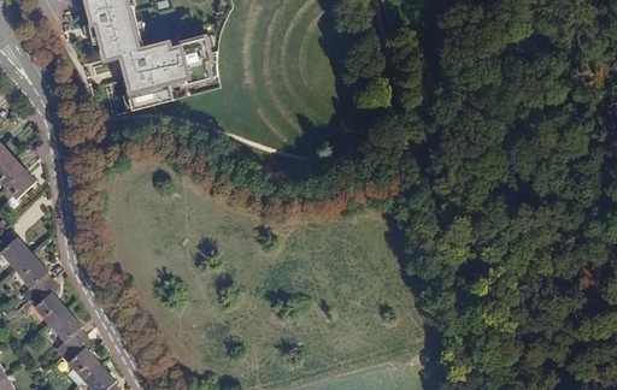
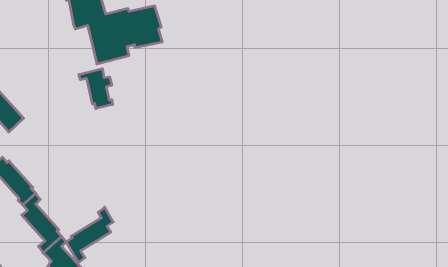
building: none -> [79,69,113,109]
building: none -> [66,207,113,263]

